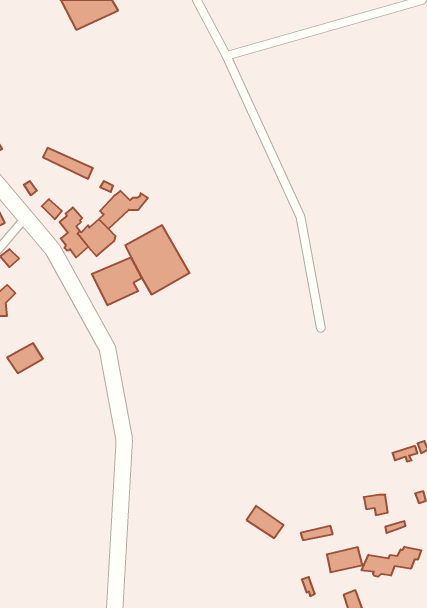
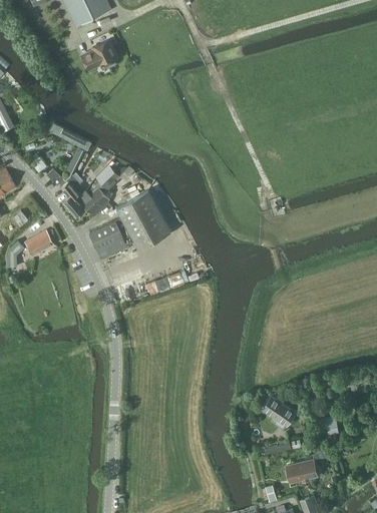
building: none -> [82,40,118,70]
building: [7,343,43,373] -> [25,230,55,255]
building: [247,506,284,538] -> [265,397,296,424]
building: [362,547,421,577] -> none

